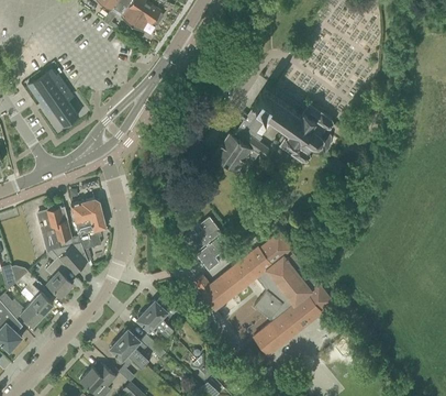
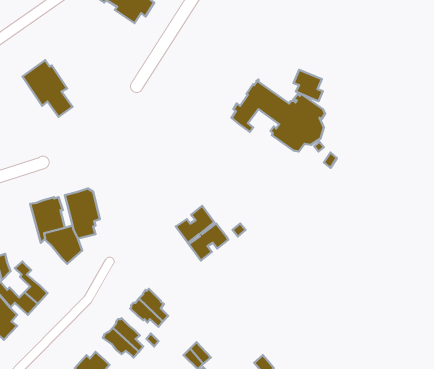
building: none -> [294,70,323,101]
building: [213,128,269,177] -> none
building: [193,234,331,355] -> none
building: [45,251,71,296] -> none

